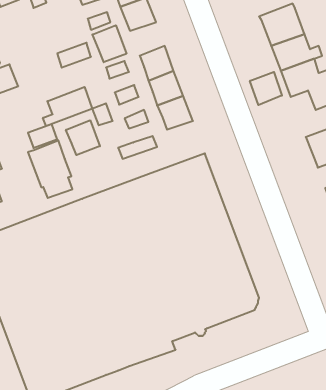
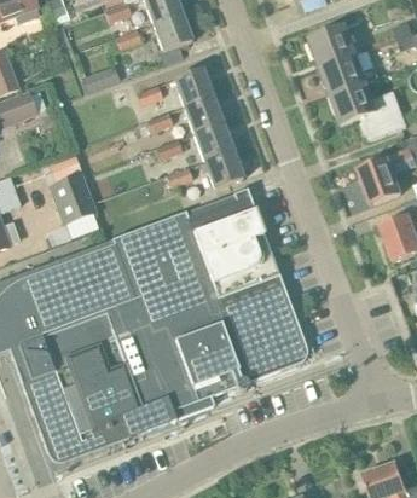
building: [92,25,126,62] -> none
building: [250,72,282,105] -> none
building: [43,87,92,126] -> none
building: [66,120,100,155] -> none
building: none -> [204,151,243,189]

